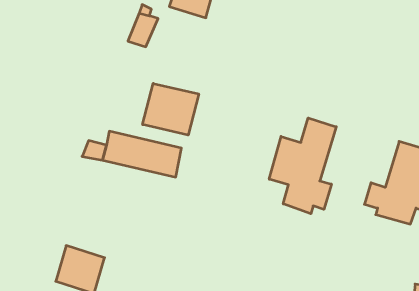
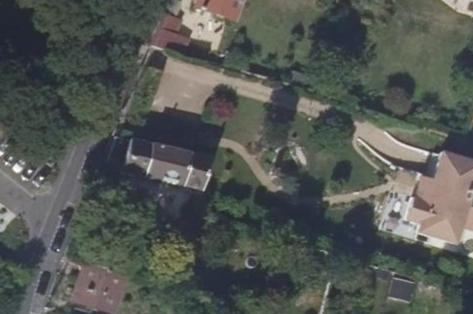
building: [143,83,199,135] -> none
building: [269,118,336,214] -> none

